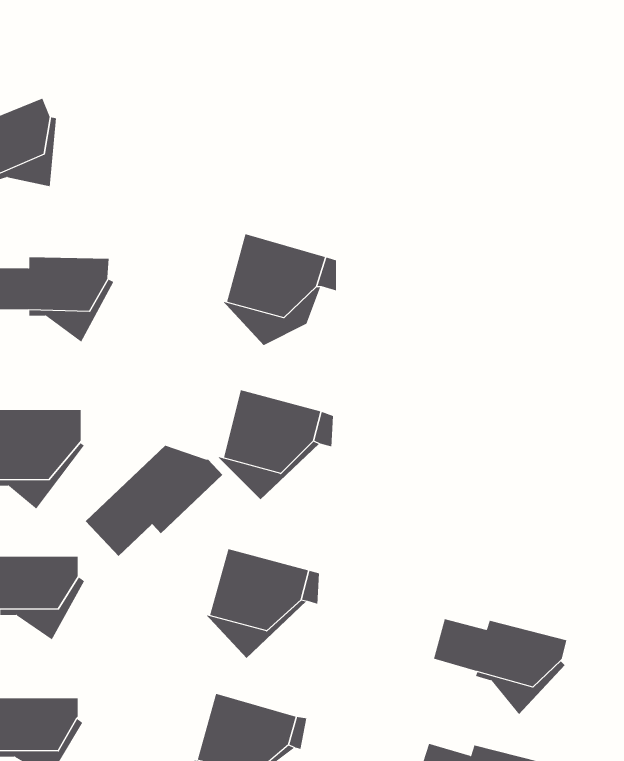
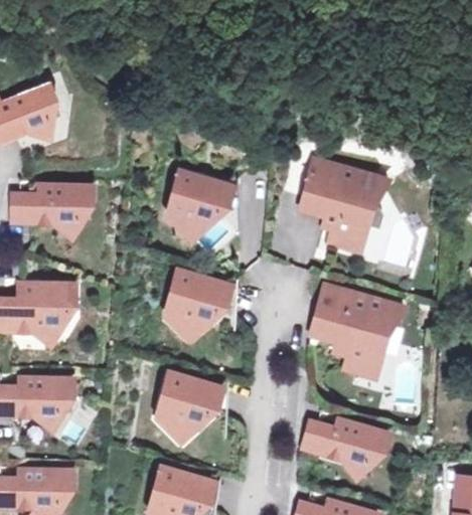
building: none -> [301,158,388,246]
building: none -> [311,284,404,373]
building: [85,445,223,557] -> none

